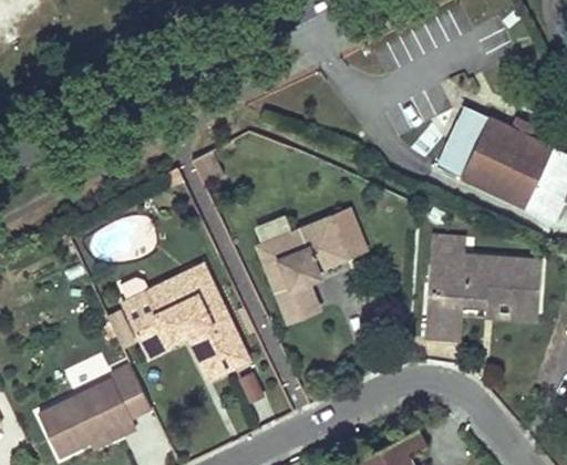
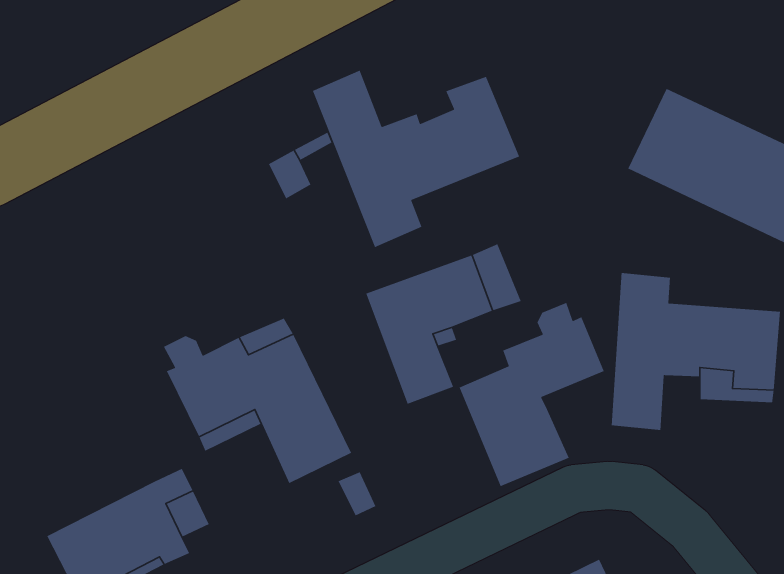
building: none -> [312,70,520,248]
building: none -> [458,302,605,487]

